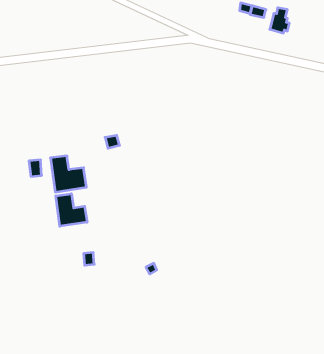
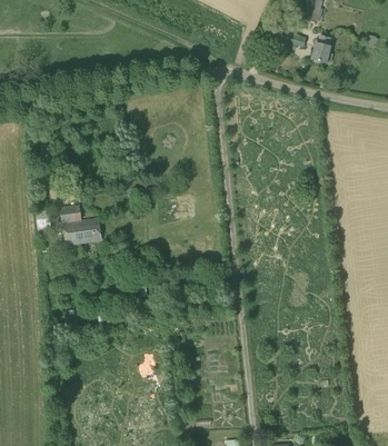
building: [56,194,87,226] -> none

